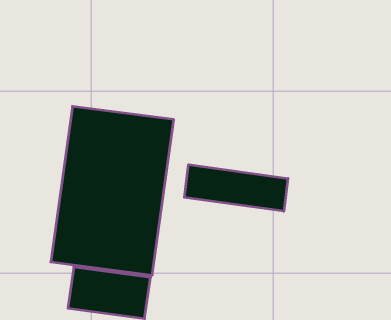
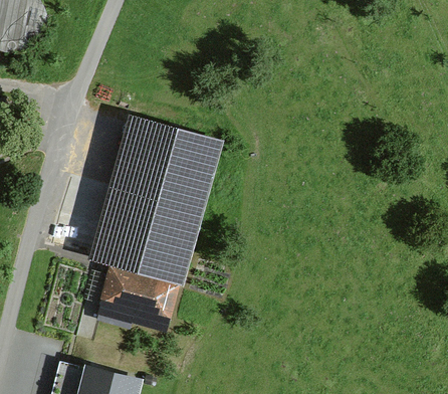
building: [184,165,288,211] -> none

